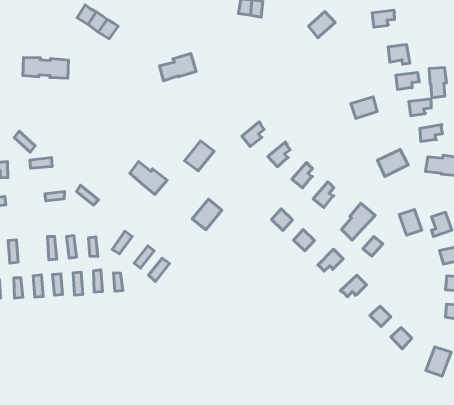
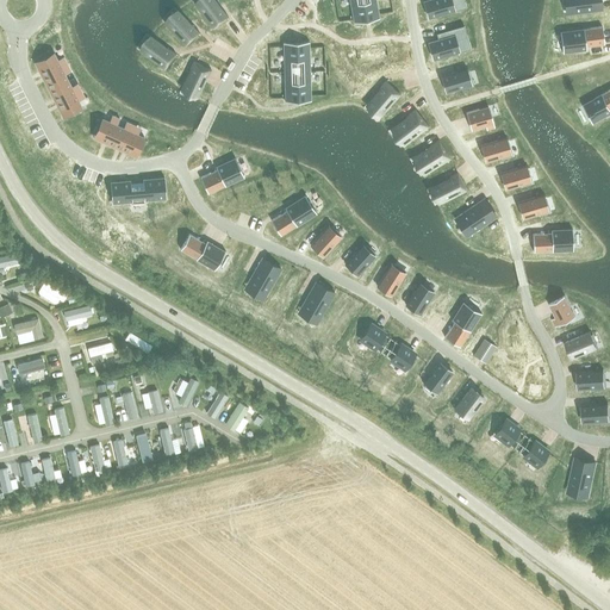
building: none -> [393,111,427,143]
building: [23,57,69,78] -> [110,176,166,203]
building: none -> [415,141,449,173]
building: [429,67,447,98] -> none
building: none -> [273,194,316,234]
building: [377,150,408,176] -> [459,198,496,232]
building: [130,162,167,194] -> [180,234,225,269]
building: [192,199,222,230] -> [300,281,334,318]
building: [399,210,422,235] -> none

